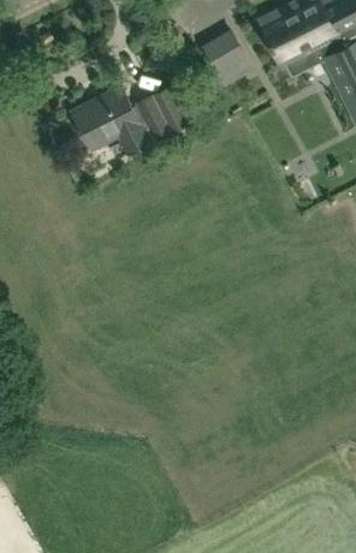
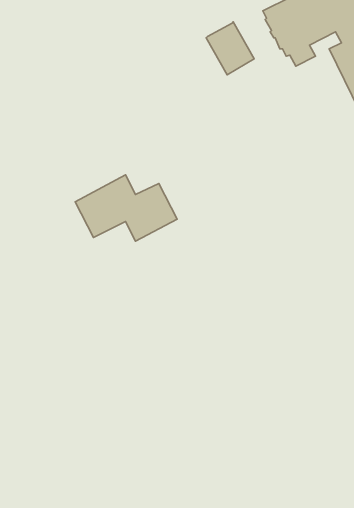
building: [71,88,171,153] -> [75,175,177,241]

